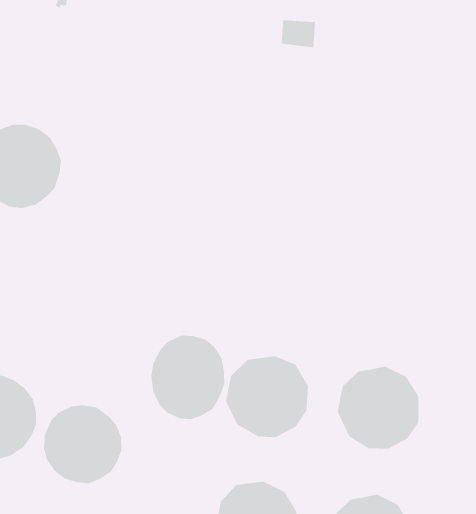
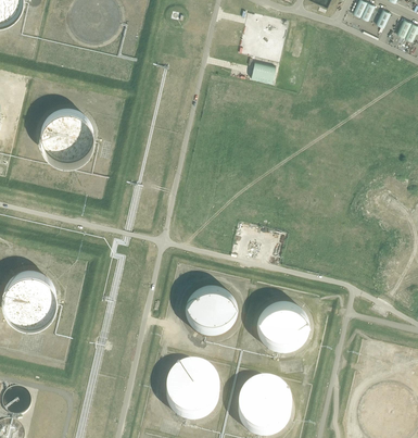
building: [150,335,225,420] -> none
building: [43,404,122,484] -> none

